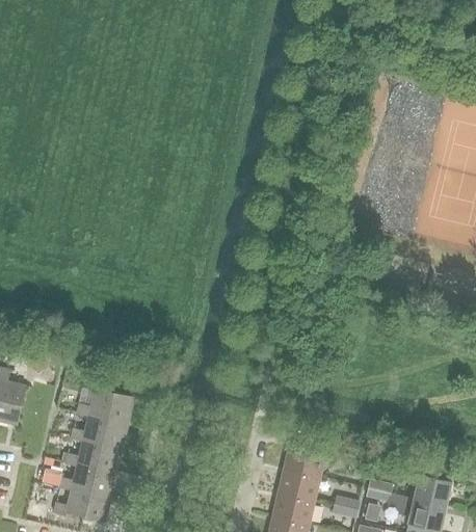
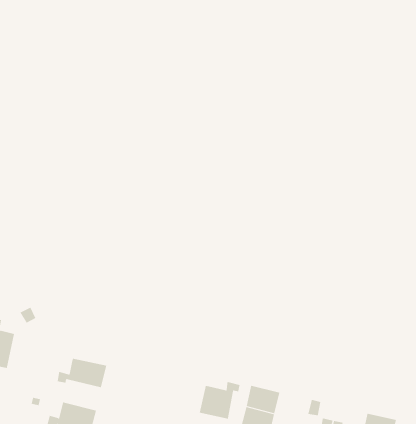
building: [78,388,134,422] -> none
building: [67,437,123,472] -> none
building: none -> [199,381,240,420]

